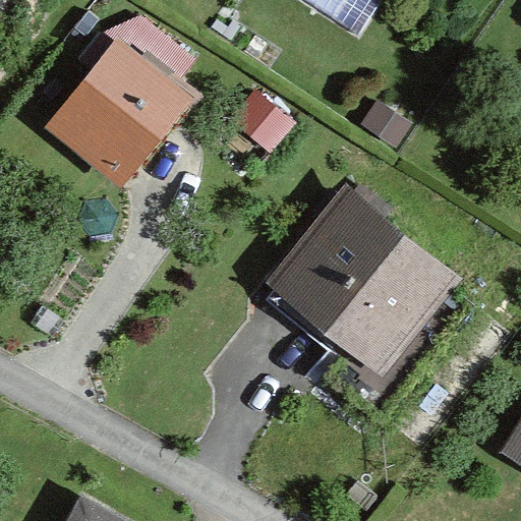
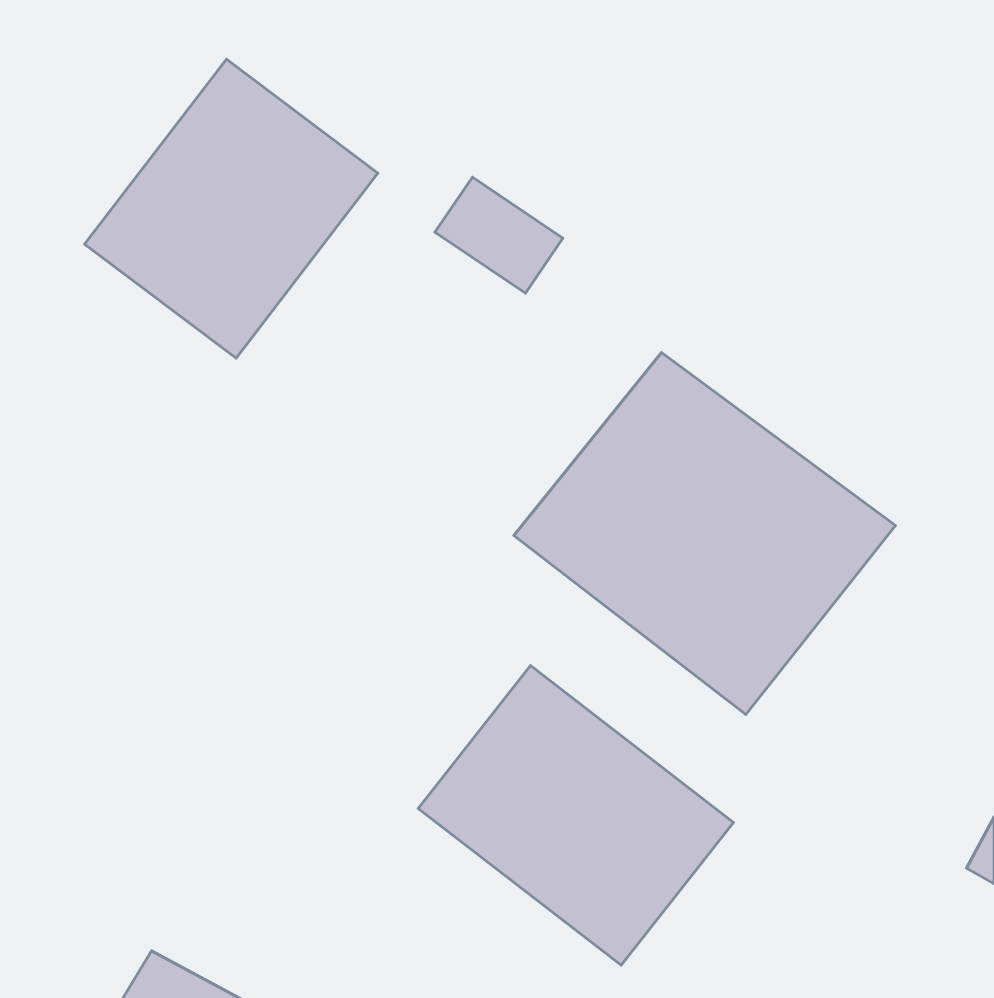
building: none -> [418,666,734,965]

